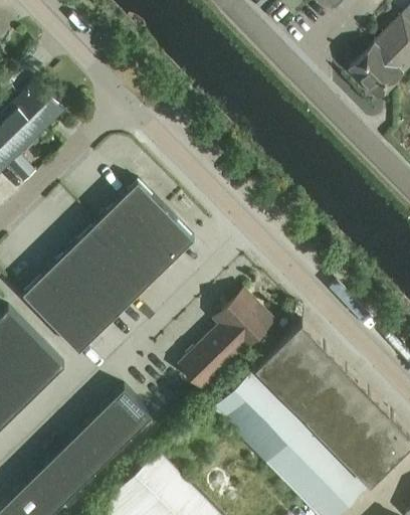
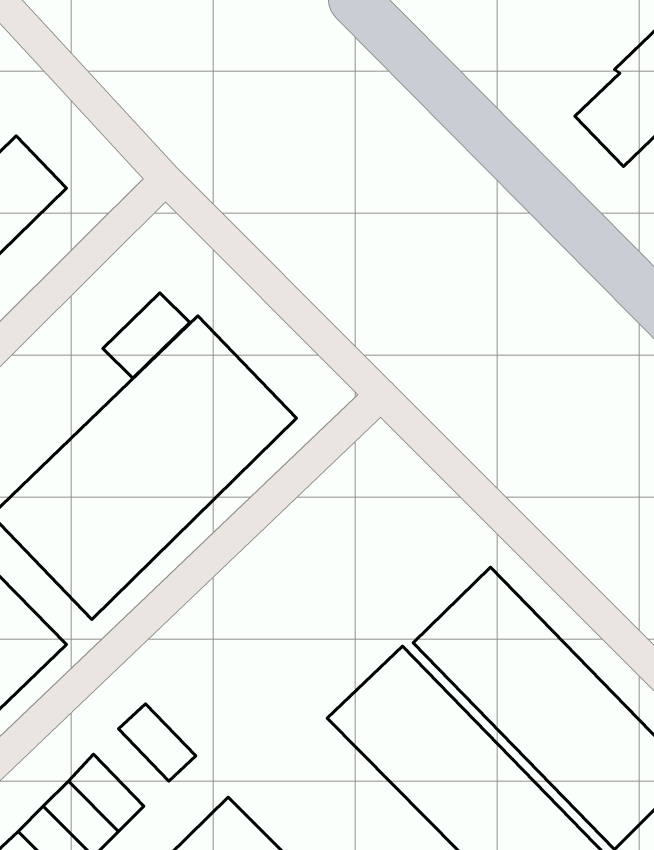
building: none -> [103,293,190,378]
building: [180,293,272,390] -> none
building: [110,386,152,430] -> none
building: [80,414,123,458] -> none

